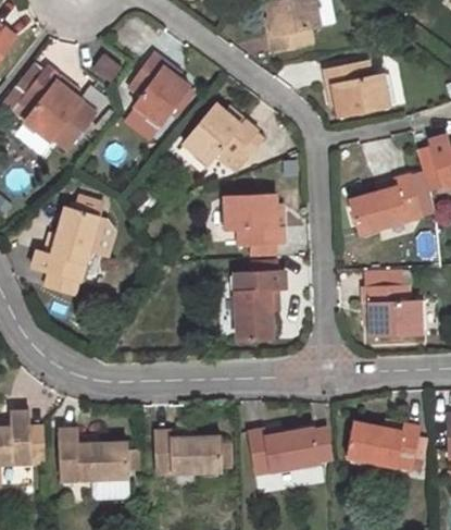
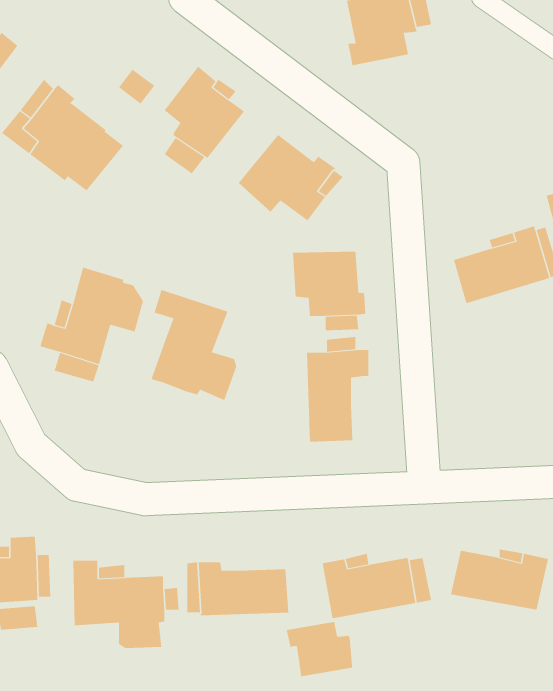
building: [325,61,389,116] -> none
building: none -> [151,289,237,401]
building: [365,284,421,335] -> none
building: none -> [286,621,353,677]

